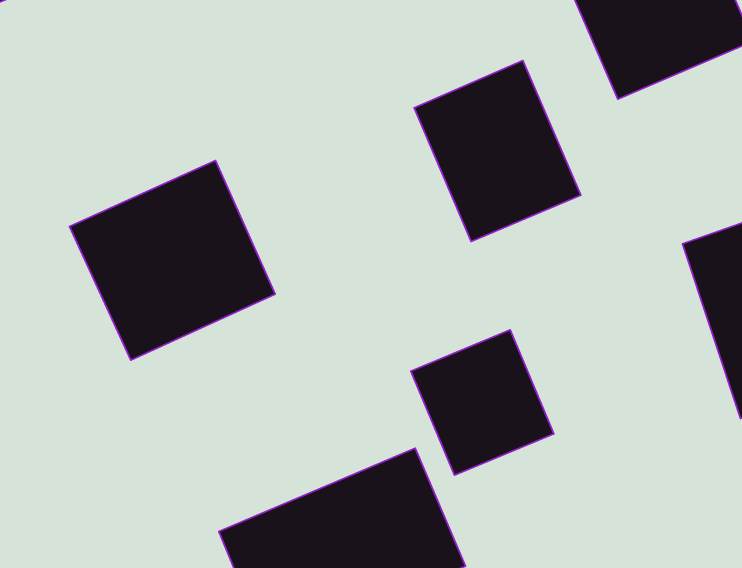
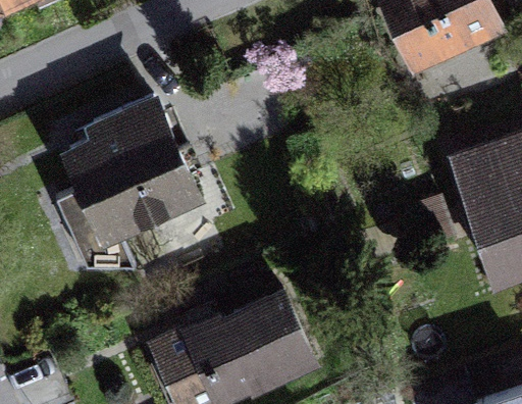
building: [414,61,581,242] -> none
building: [411,330,554,475] -> none

